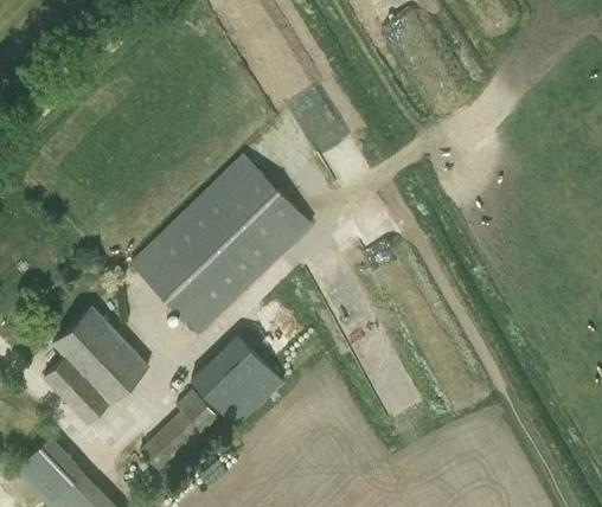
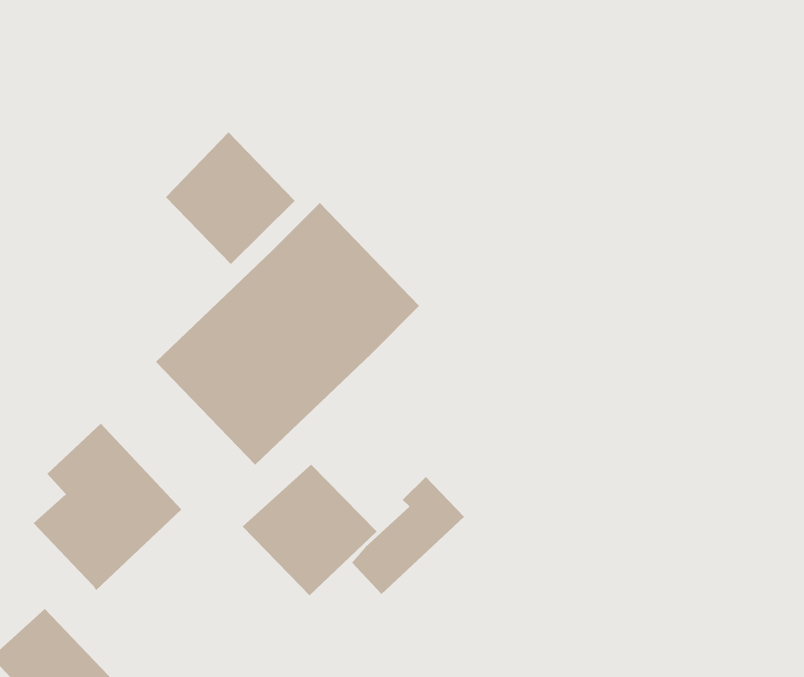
building: none -> [165,131,295,265]
building: [139,390,218,473] -> [351,476,465,595]

